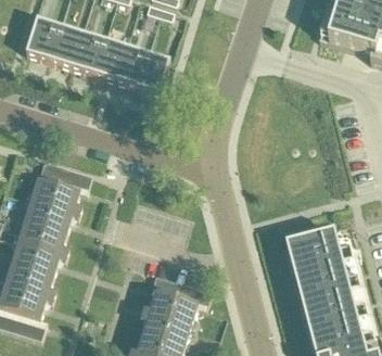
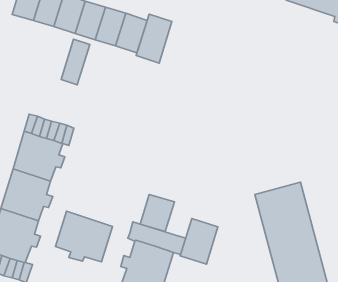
building: none -> [136,14,172,63]
building: none -> [61,39,90,85]
building: none -> [140,194,174,231]
building: none -> [55,211,113,262]
building: none -> [180,219,218,264]

